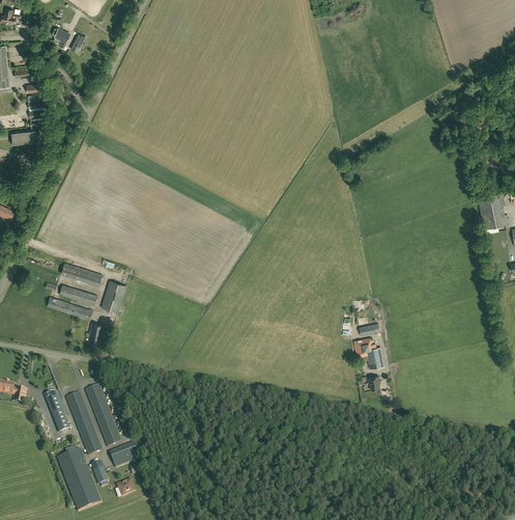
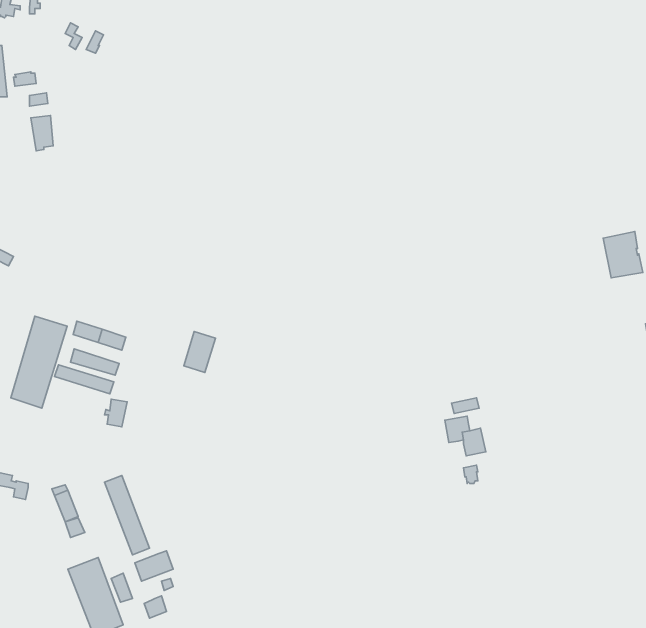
building: [11,128,40,145] -> none
building: none -> [11,316,67,408]
building: [102,280,126,312] -> [184,332,215,373]
building: [66,391,103,456] -> none

